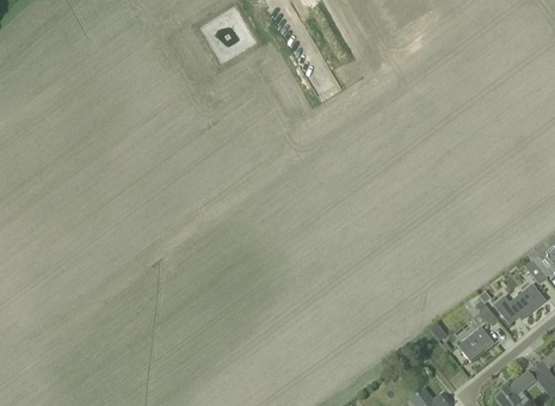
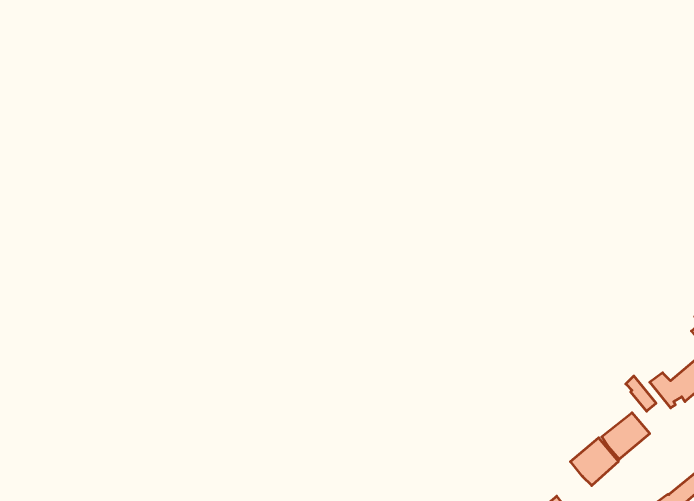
building: none -> [570,438,618,486]

